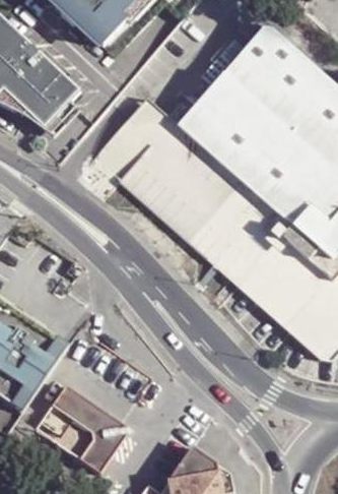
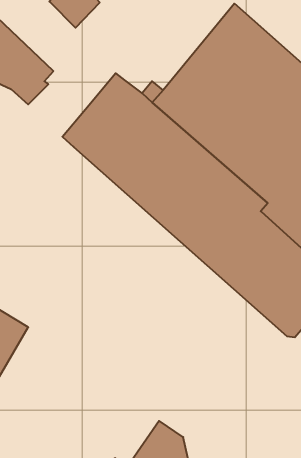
building: [37,385,123,473] -> none

